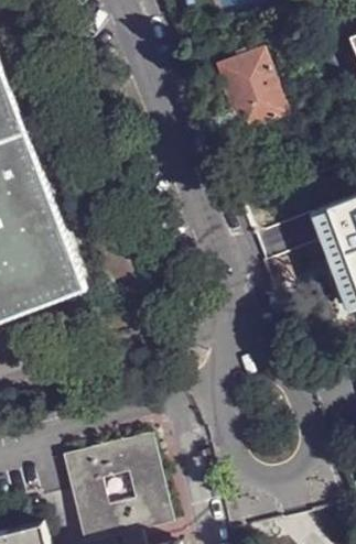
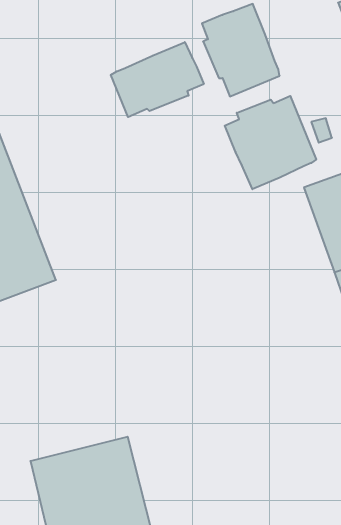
building: none -> [111,42,204,117]
building: none -> [225,96,316,189]

